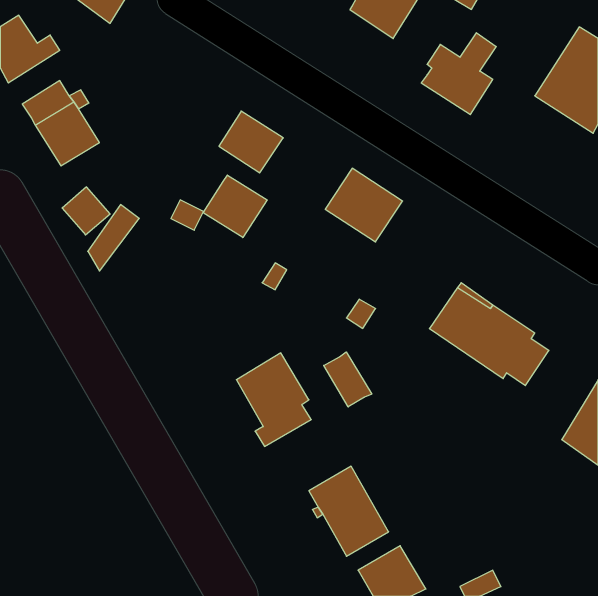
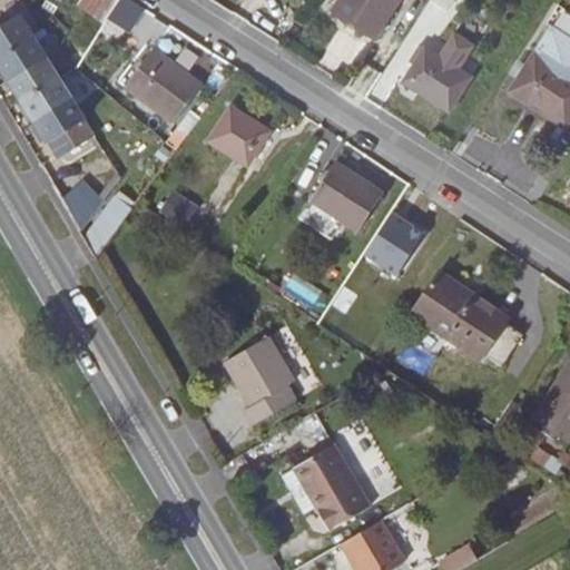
building: none -> [124,47,202,122]
building: none -> [8,48,66,99]
building: [203,175,267,238] -> none
building: none -> [364,212,425,275]
building: [324,352,372,407] -> none

